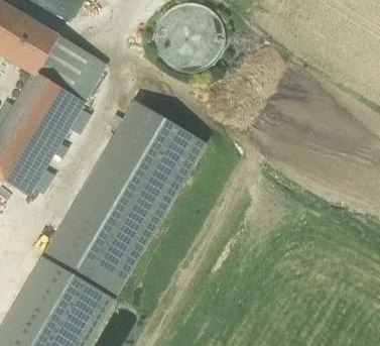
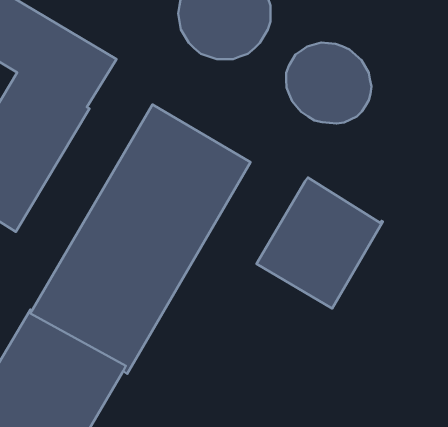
building: none -> [286,43,372,123]
building: none -> [256,178,383,309]

